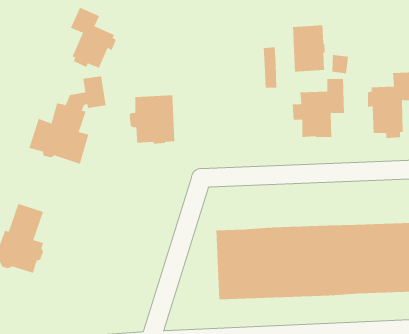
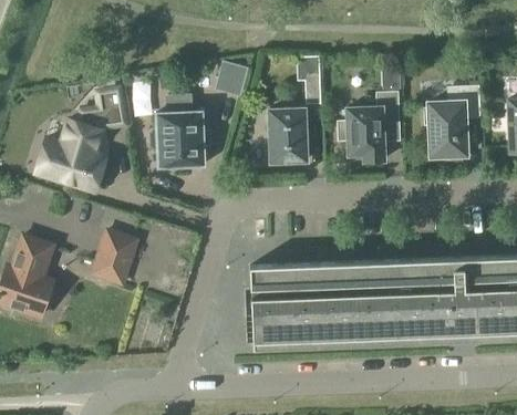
building: [70,7,116,69] -> none
building: [292,25,326,72] -> [269,108,308,163]
building: none -> [217,63,247,95]
building: none -> [93,231,136,284]

